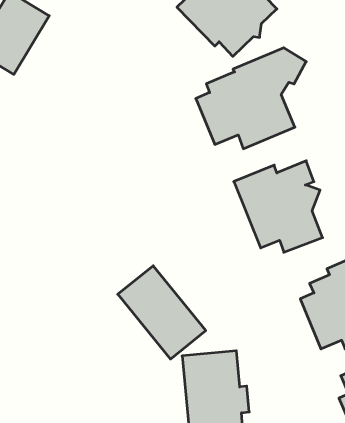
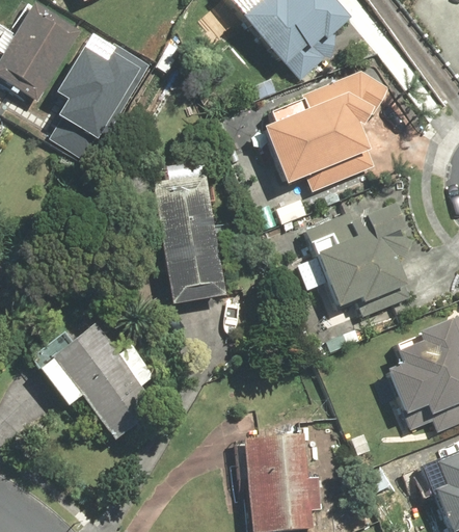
building: none -> [58,30,161,154]
building: none -> [148,175,223,305]
building: [118,266,206,359] -> [50,324,156,436]

